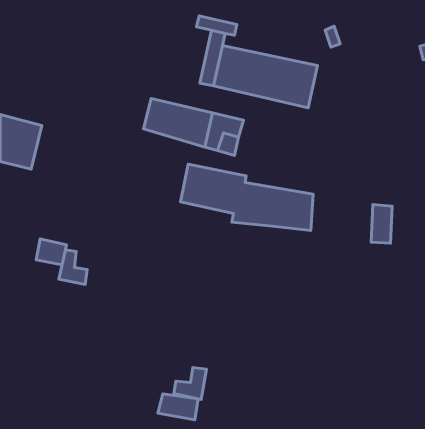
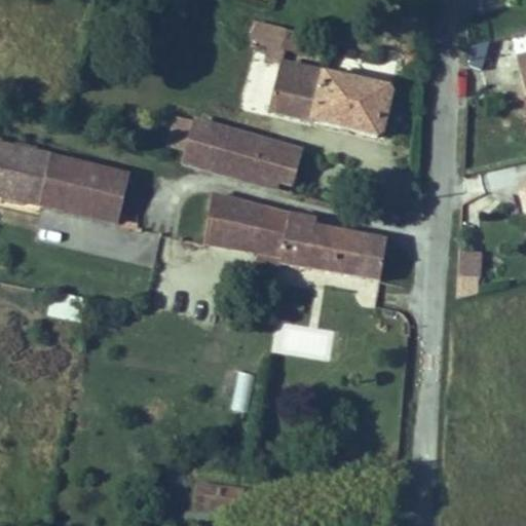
building: none -> [43,153,129,223]
building: none -> [201,194,235,247]
building: [59,250,87,284] -> none
building: [174,368,207,399] -> none

